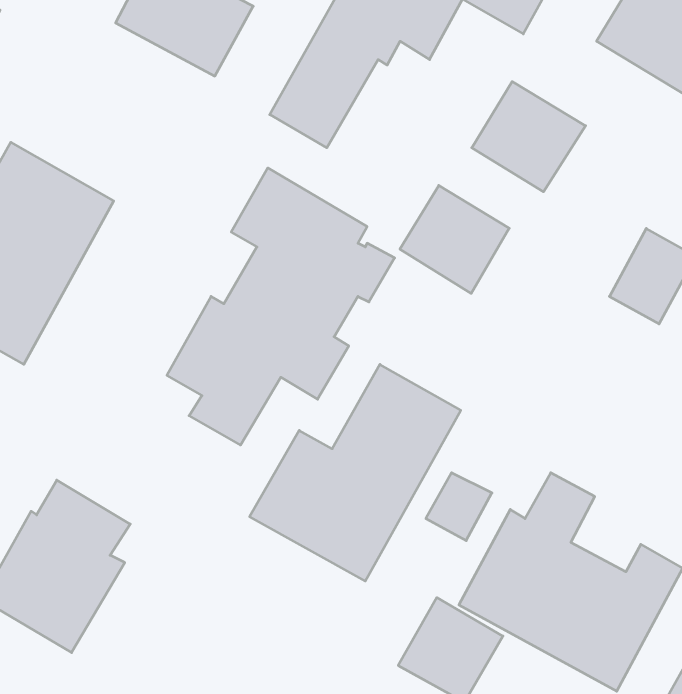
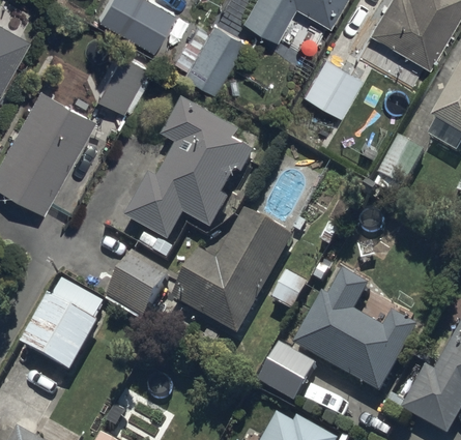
building: none -> [91,51,150,113]
building: [400,185,509,293] -> none
building: none -> [109,254,170,318]

